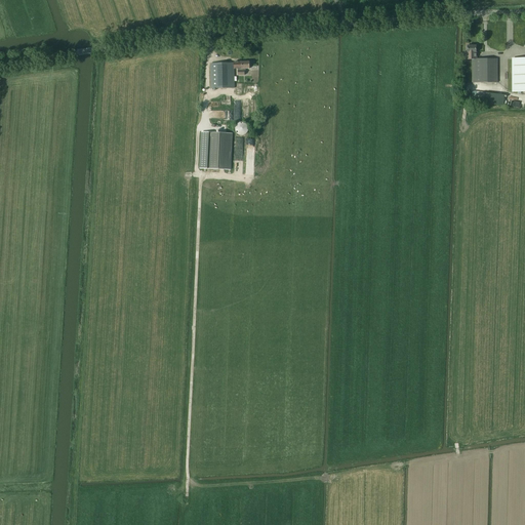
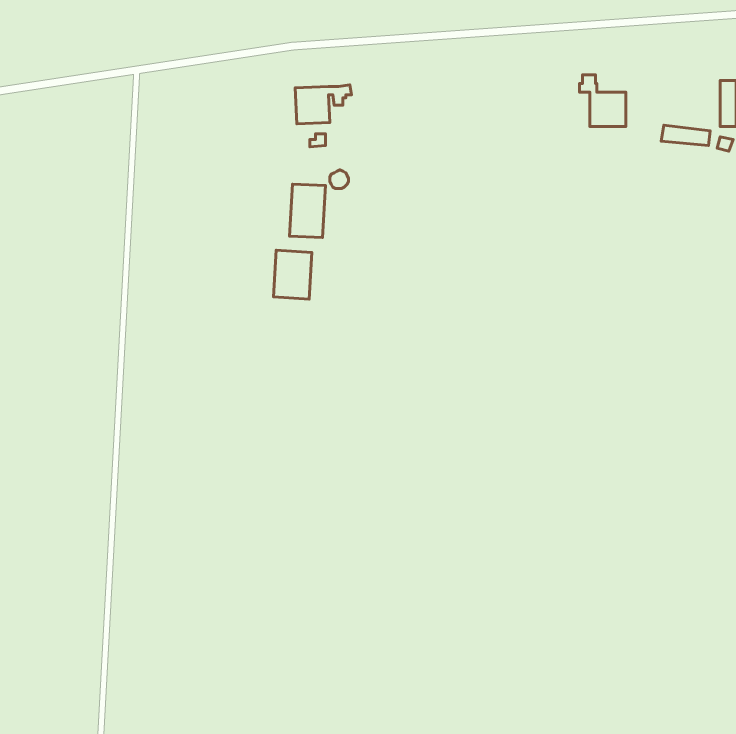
building: [465,45,497,82] -> [580,75,626,127]
building: none -> [273,250,312,299]

